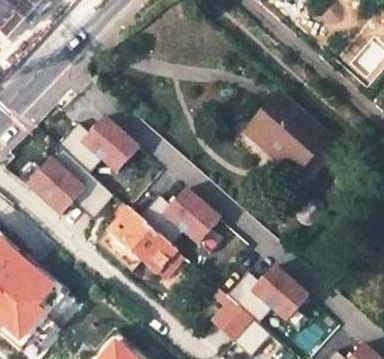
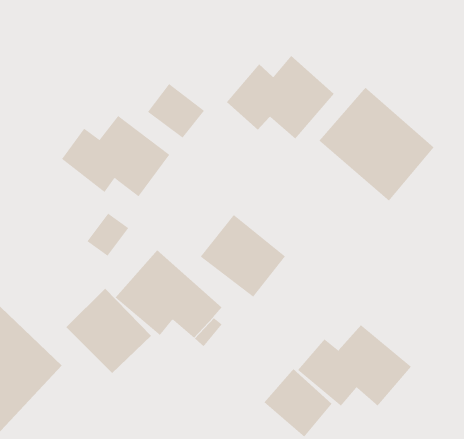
building: none -> [226,55,335,139]
building: none -> [147,83,205,138]
building: [25,152,86,213] -> [66,288,152,374]

